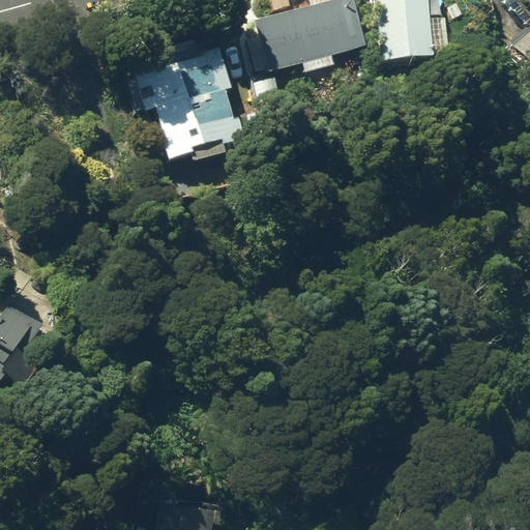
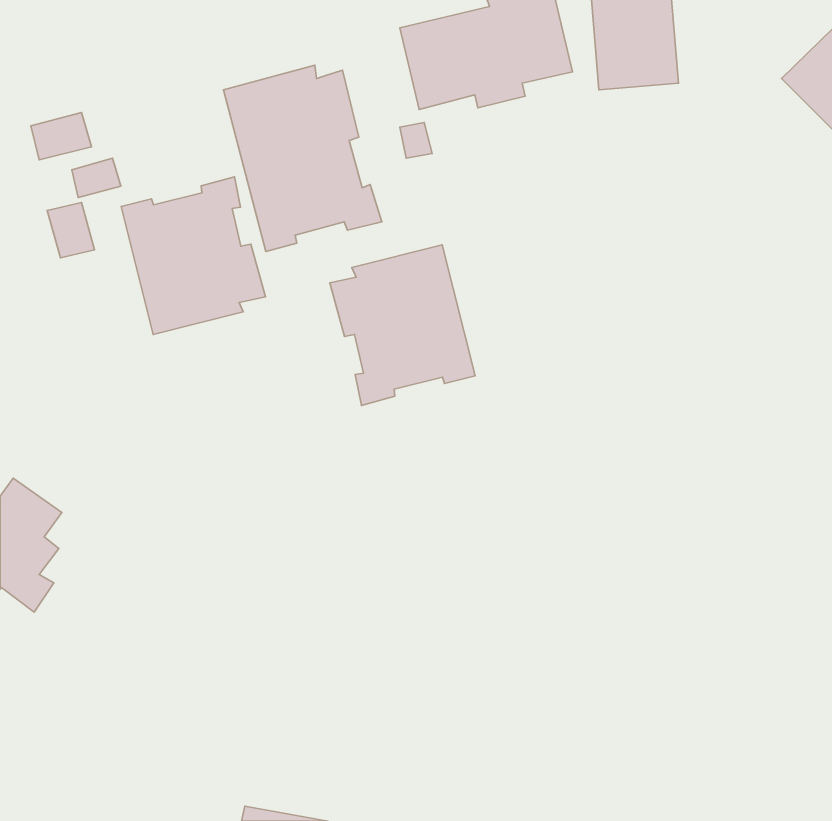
building: none -> [121,177,265,334]
building: none -> [330,245,475,405]

